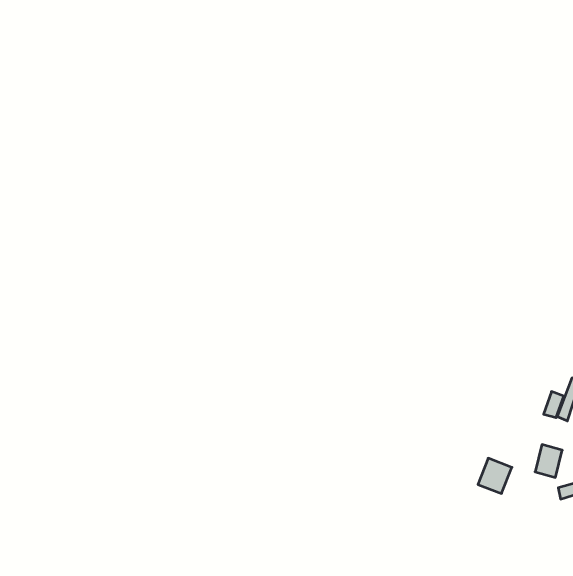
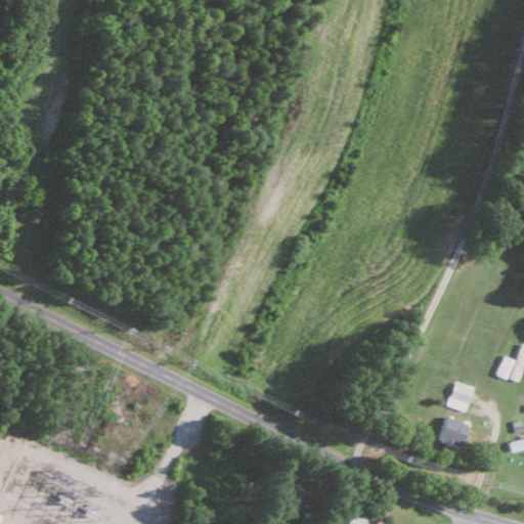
building: [535,445,562,477] -> [448,382,473,411]

